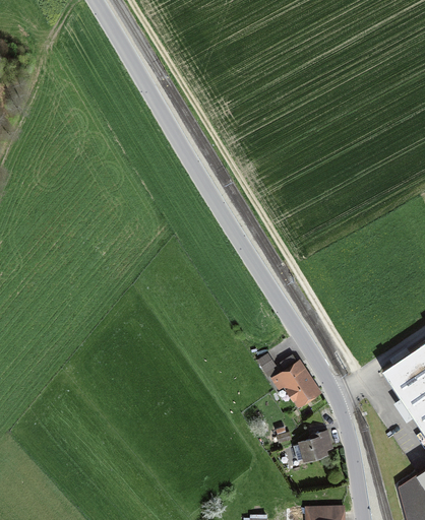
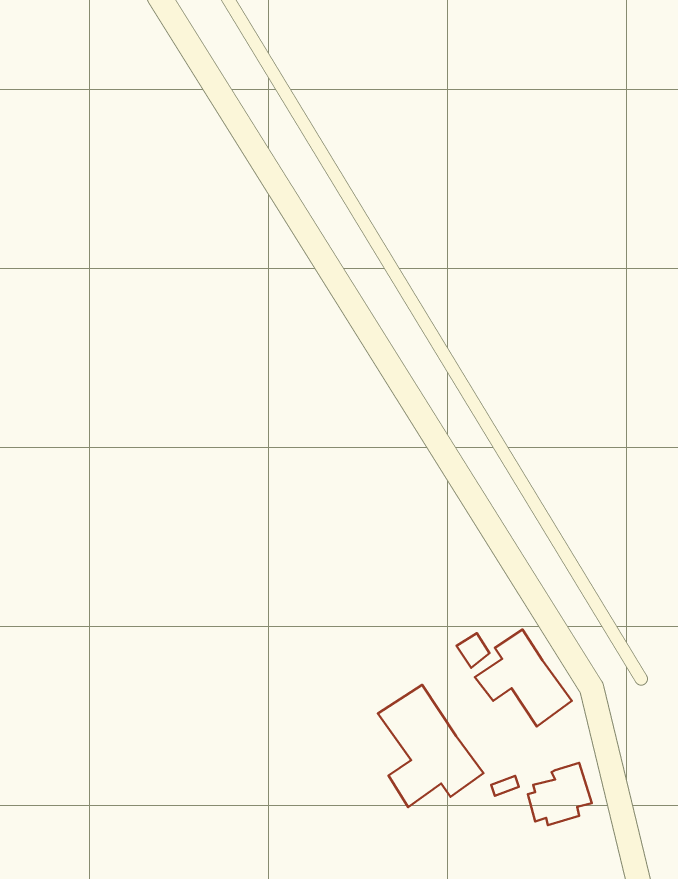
building: none -> [378,685,483,807]

